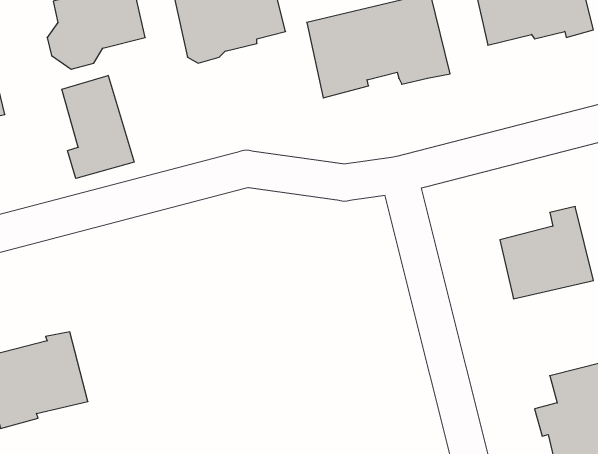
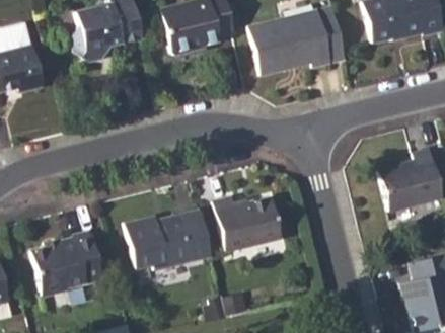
building: [62,75,134,178] -> none
building: none -> [215,197,283,252]
building: none -> [127,212,211,270]

